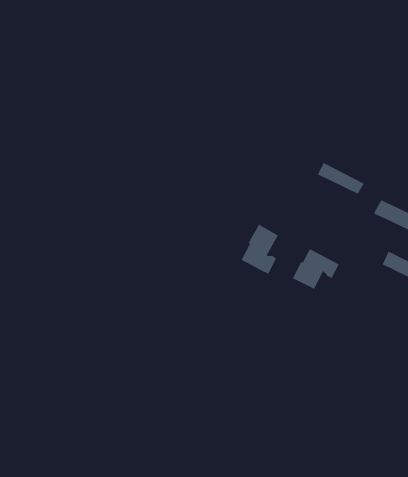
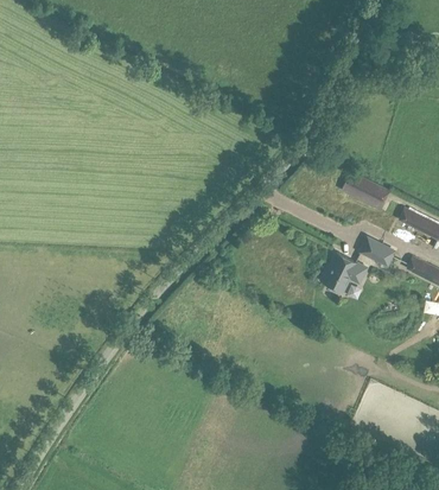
building: [241,224,279,274] -> none
building: none -> [358,235,396,267]

